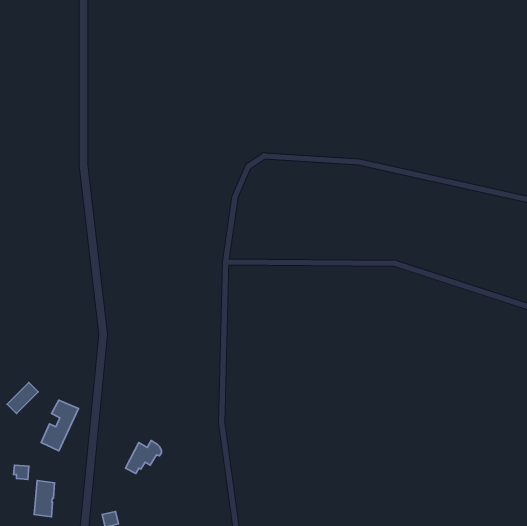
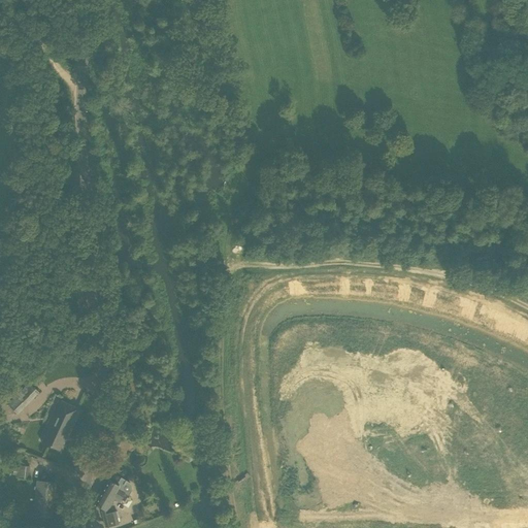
building: [126,440,162,473] -> [95,478,131,512]

